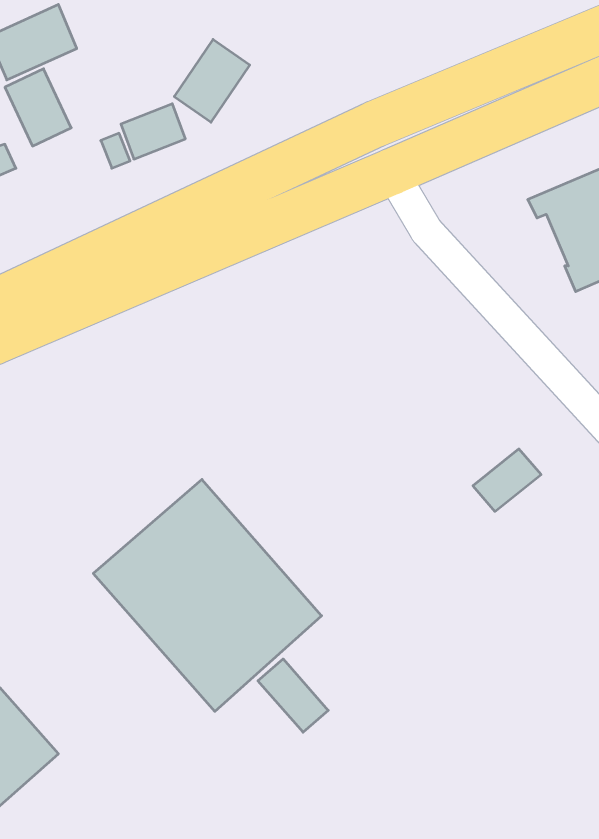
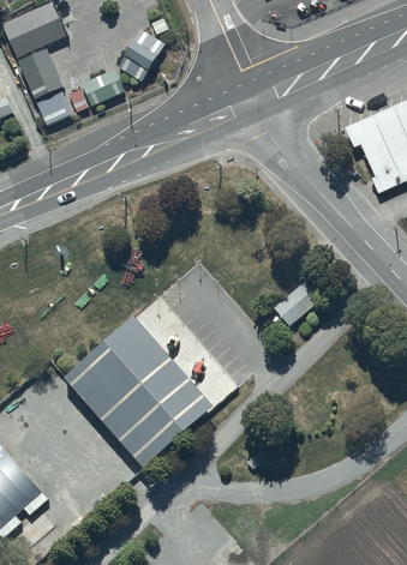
building: none -> [36,94,68,126]
building: [473,449,541,511] -> [275,283,319,324]
building: [258,659,328,732] -> none

